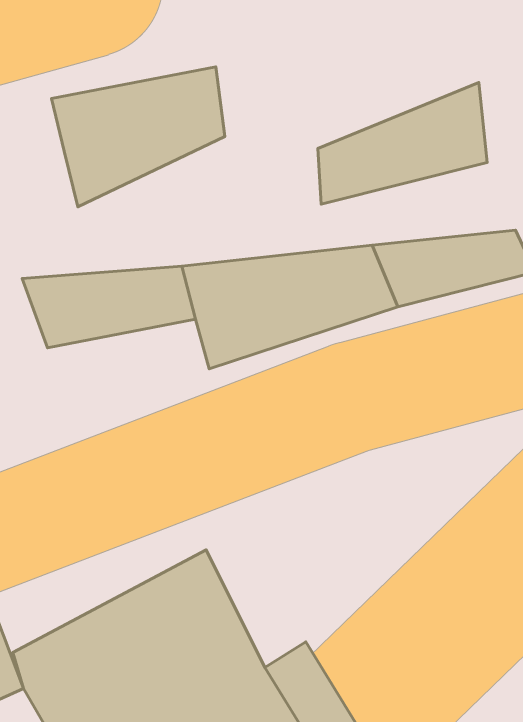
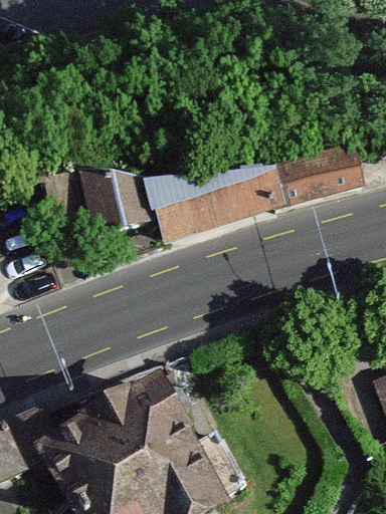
building: [52,67,225,207] -> none
building: [318,83,487,204] -> none

